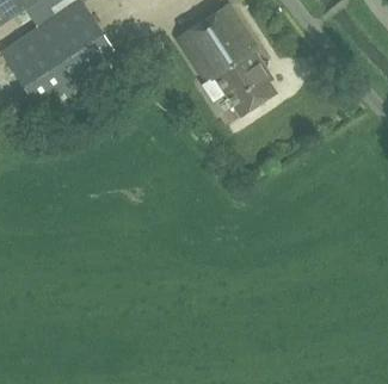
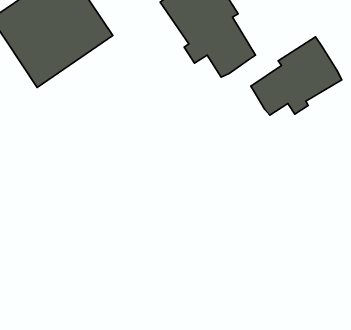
building: none -> [251,37,342,115]

